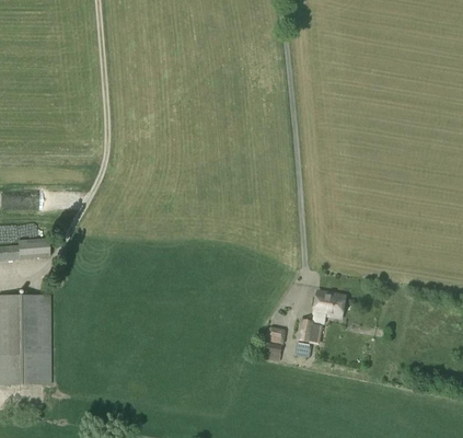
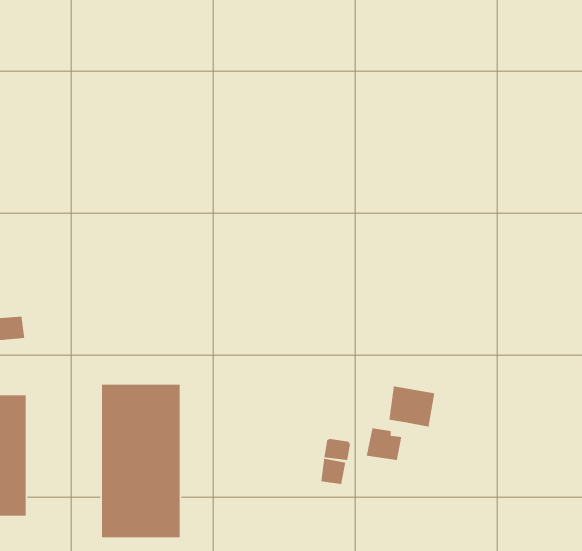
building: none -> [101,384,180,538]

